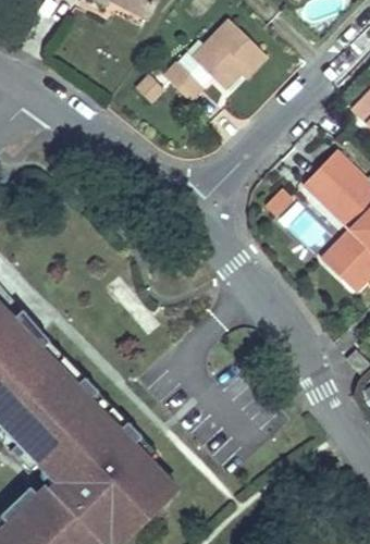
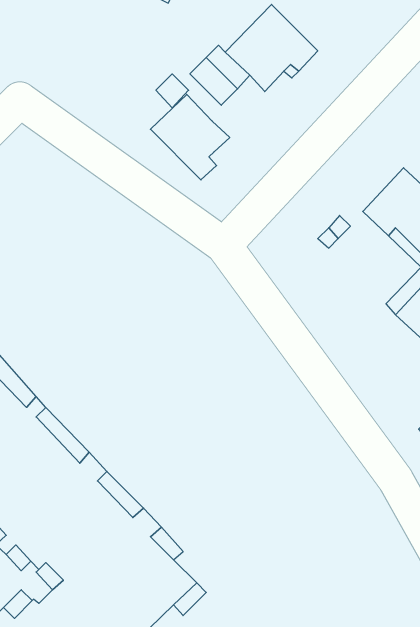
building: none -> [150,94,230,180]

